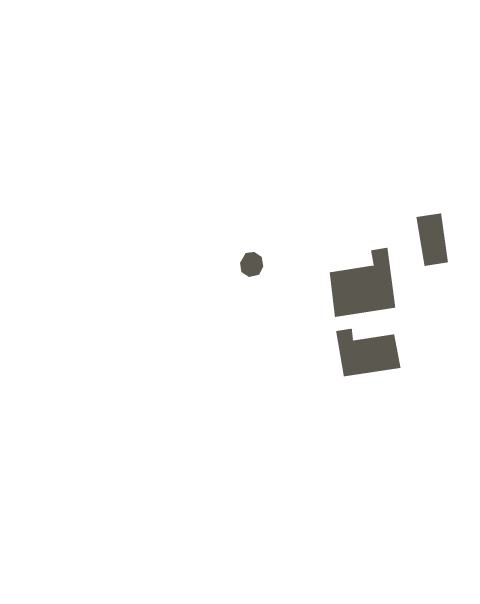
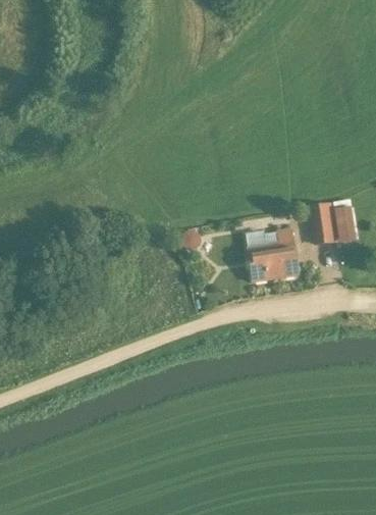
building: [335,328,401,377] -> none

